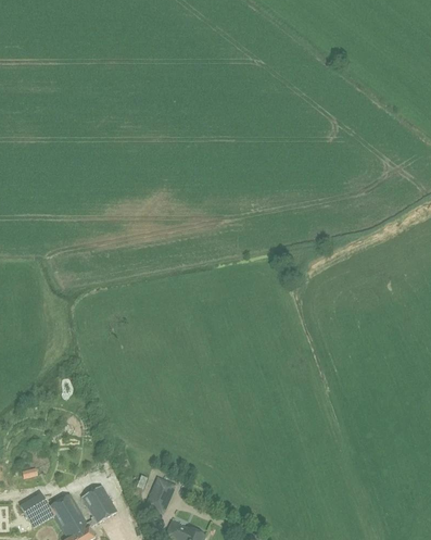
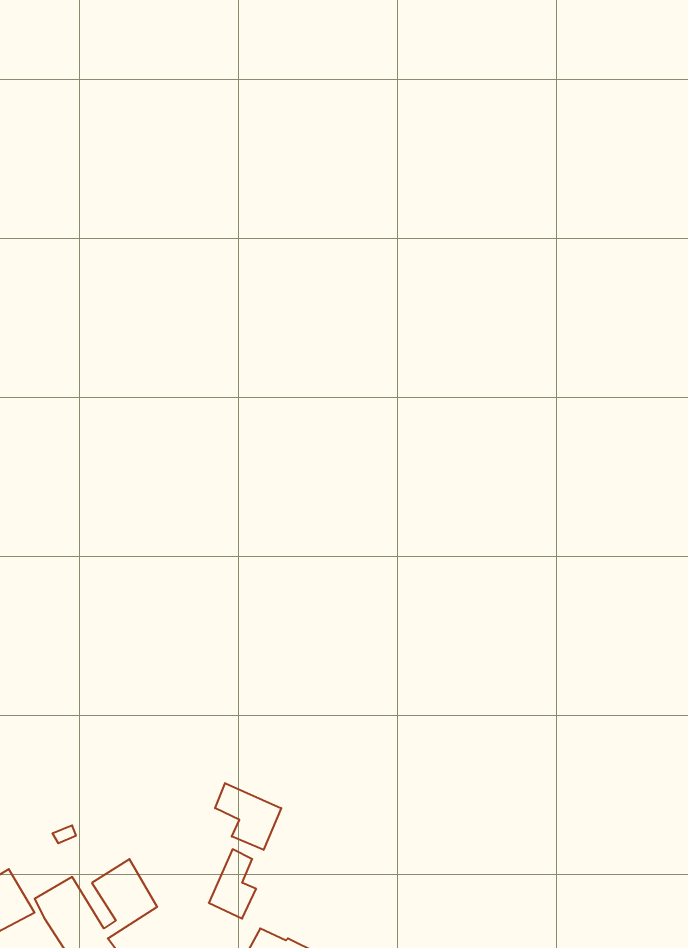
building: none -> [215,783,281,850]

